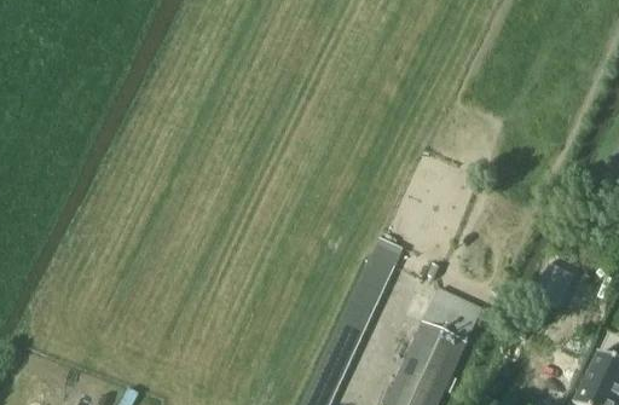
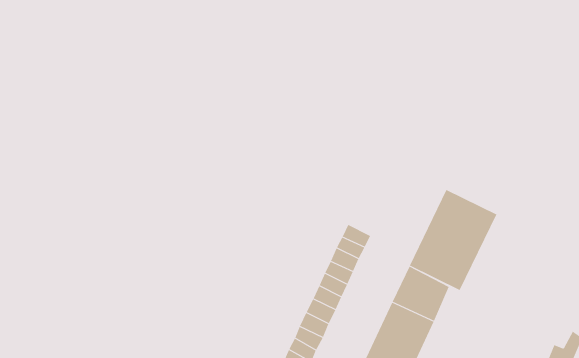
building: none -> [409,189,497,291]

